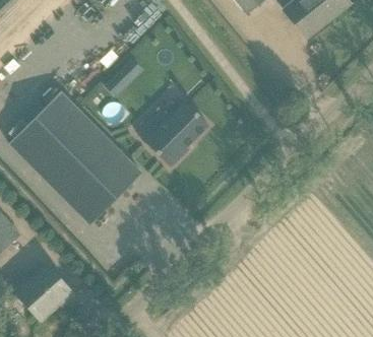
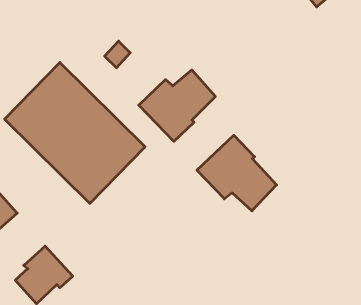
building: none -> [197,135,277,211]

